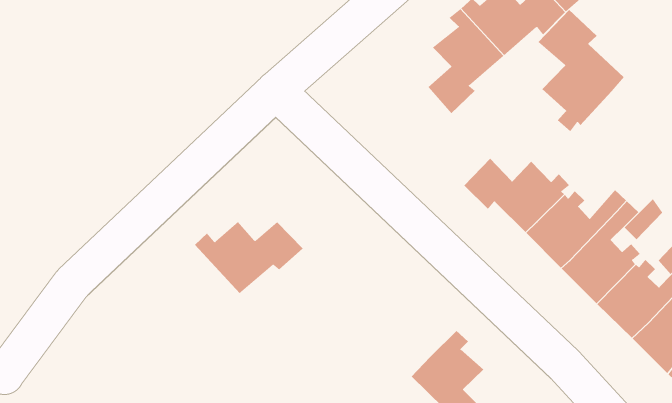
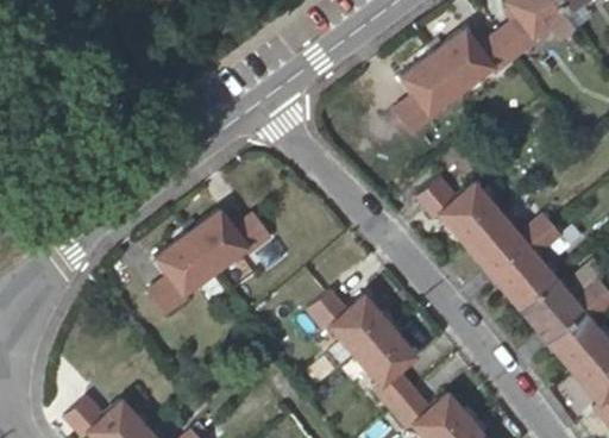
building: [538,9,625,132] -> none
building: none -> [147,226,215,317]
building: none -> [306,289,397,356]

